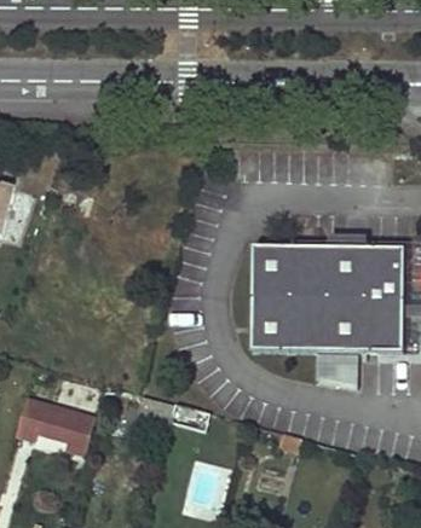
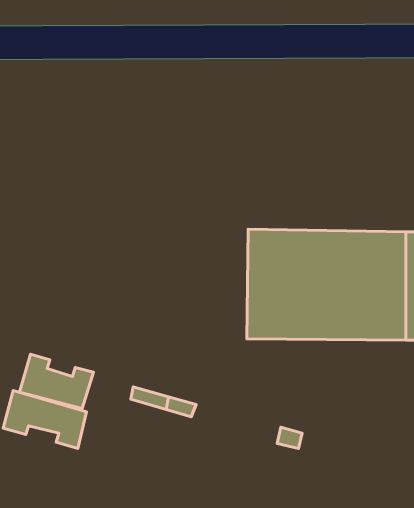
building: none -> [20,354,93,409]

